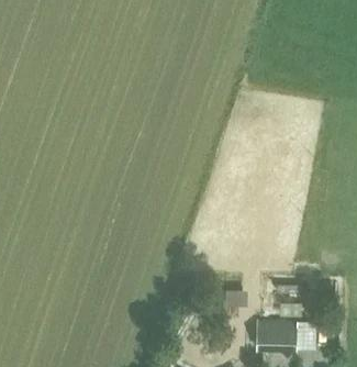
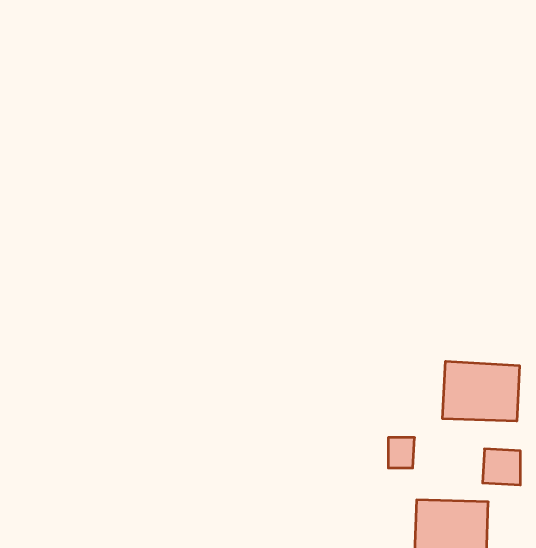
building: none -> [443,361,519,421]

